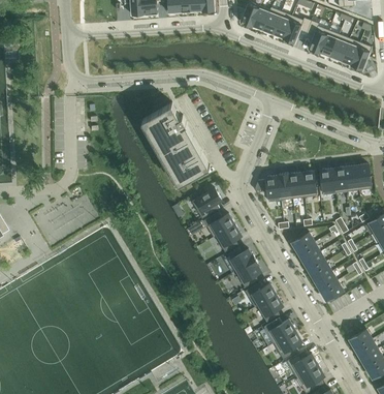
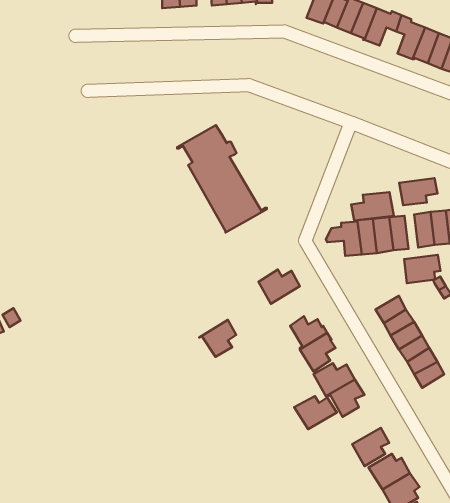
building: none -> [399,178,437,205]
building: none -> [351,192,394,220]
building: [192,188,221,218] -> none
building: none -> [404,255,440,283]
building: [213,224,241,252] -> [199,320,236,357]
building: [263,319,295,343] -> [294,396,337,429]

